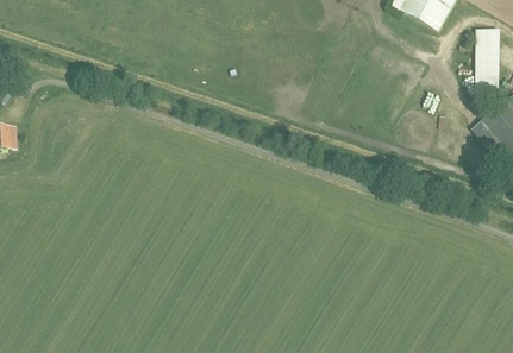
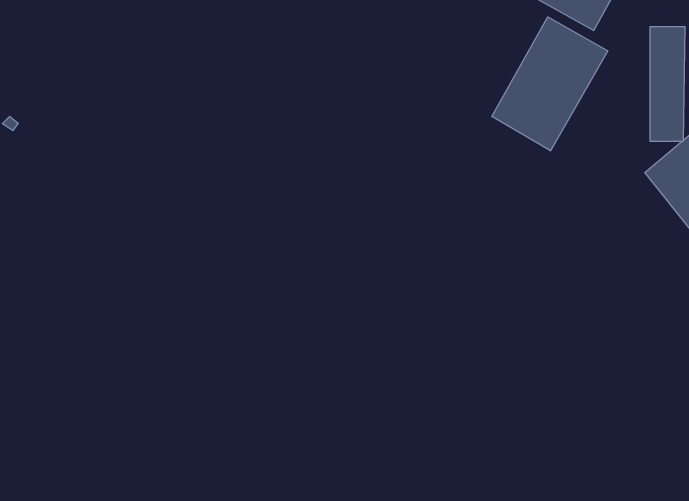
building: none -> [492,17,608,151]

